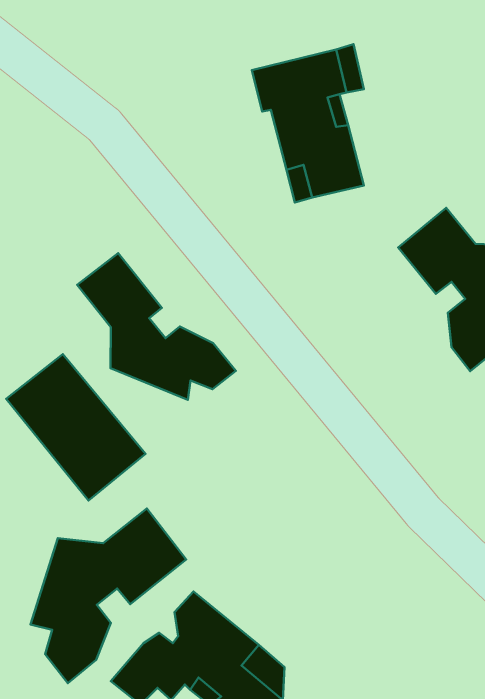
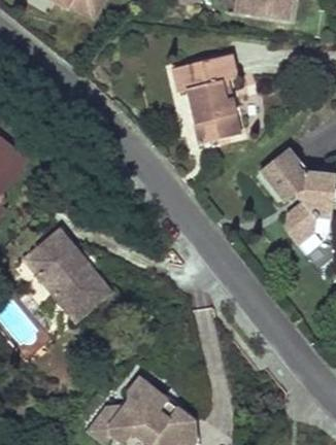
building: [77,253,236,400] -> none
building: [30,508,186,683] -> none

